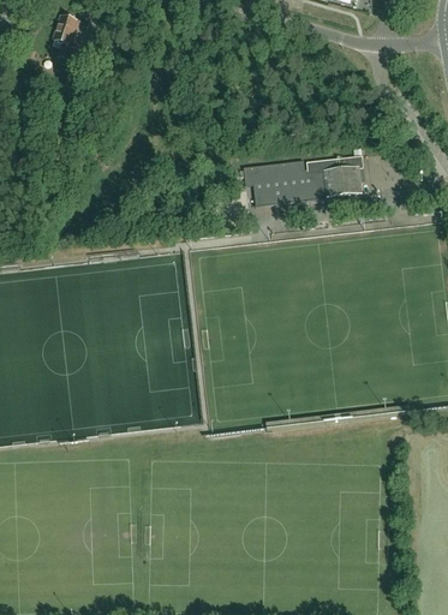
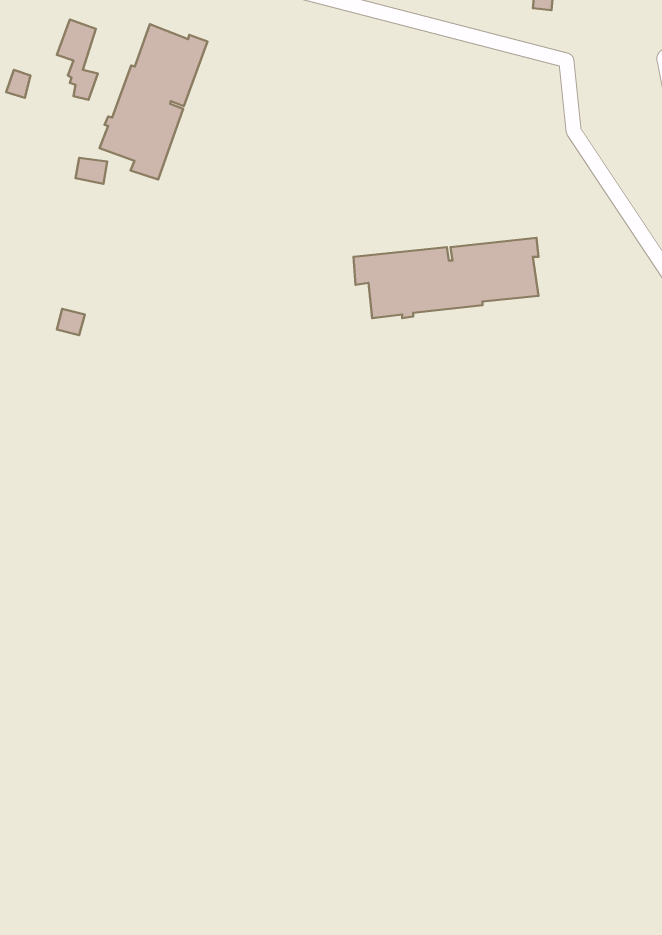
building: none -> [100,24,207,179]

